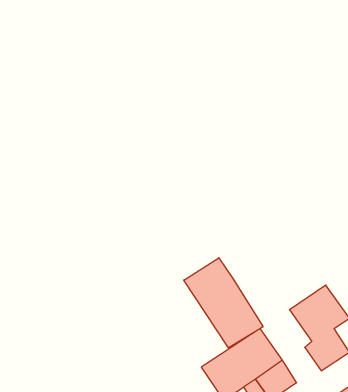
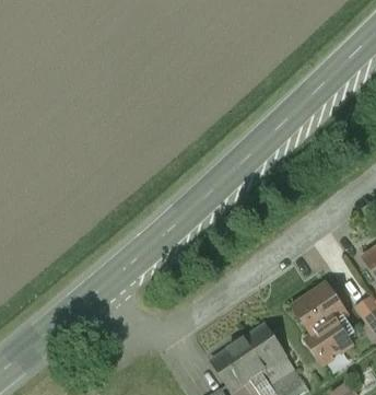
building: [184,258,263,348] -> none

